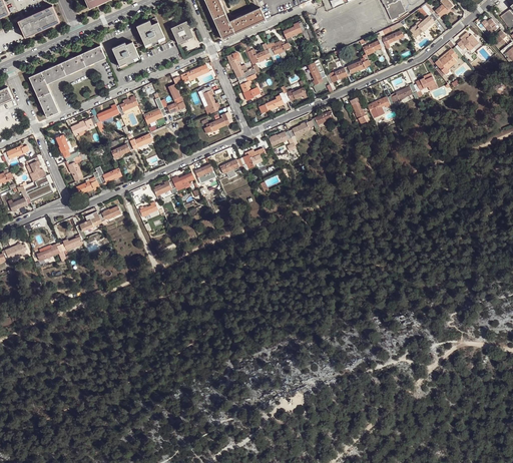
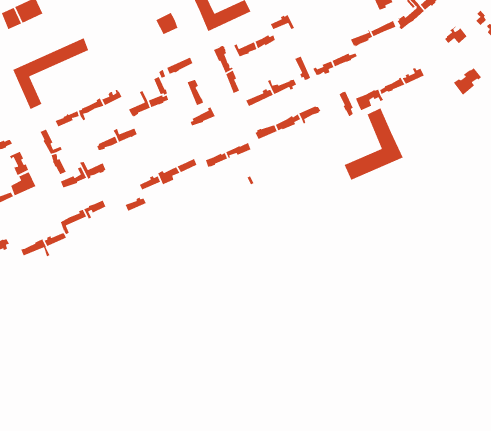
building: [135,17,162,45] -> none
building: [111,41,137,66] -> none
building: [434,47,463,75] -> [453,67,482,96]
building: none -> [344,107,404,181]

